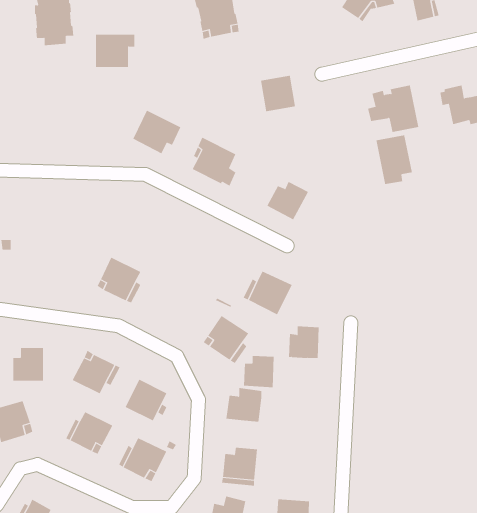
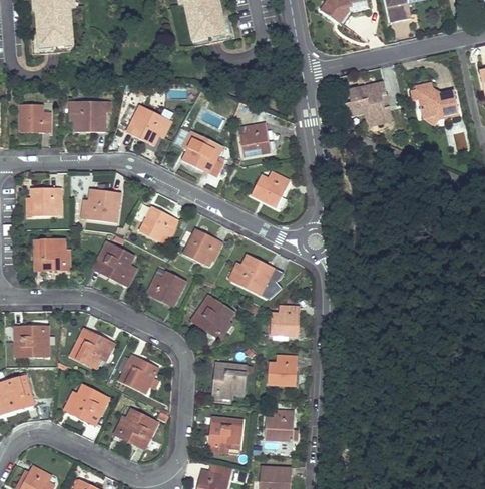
building: [95,34,135,68] -> [74,100,111,131]
building: [260,75,296,112] -> [237,122,271,156]
building: none -> [20,103,50,132]
building: [376,135,412,185] -> none
building: none -> [31,186,61,215]
building: none -> [86,188,120,222]
building: none -> [139,205,178,244]
building: none -> [183,227,222,263]
building: none -> [34,238,65,270]
building: none -> [147,271,186,306]
building: [243,356,275,388] -> [268,355,297,385]
building: none -> [265,410,295,440]

